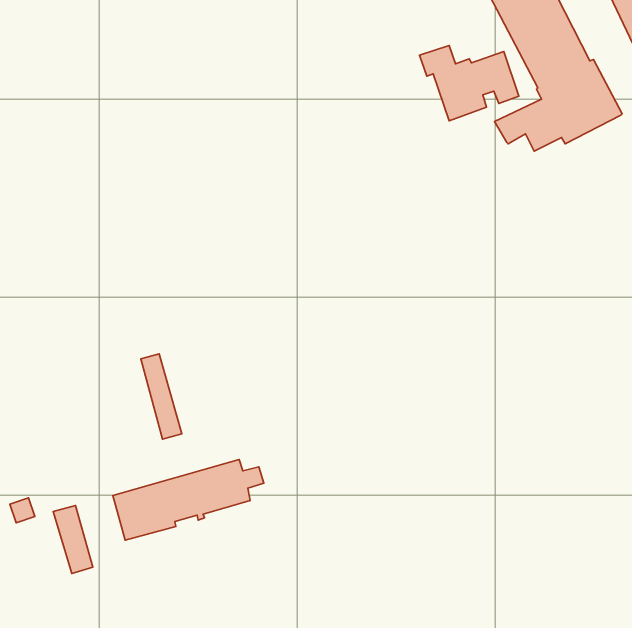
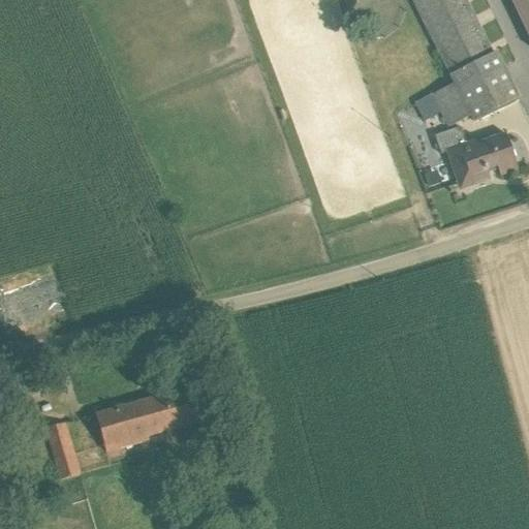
building: [420,45,519,121] -> [434,126,517,189]
building: [141,354,182,439] -> none

